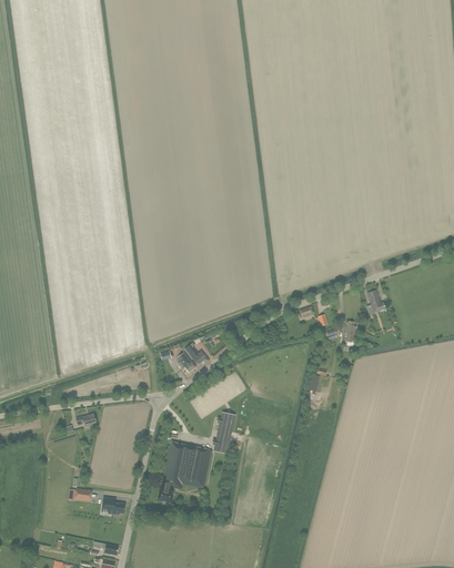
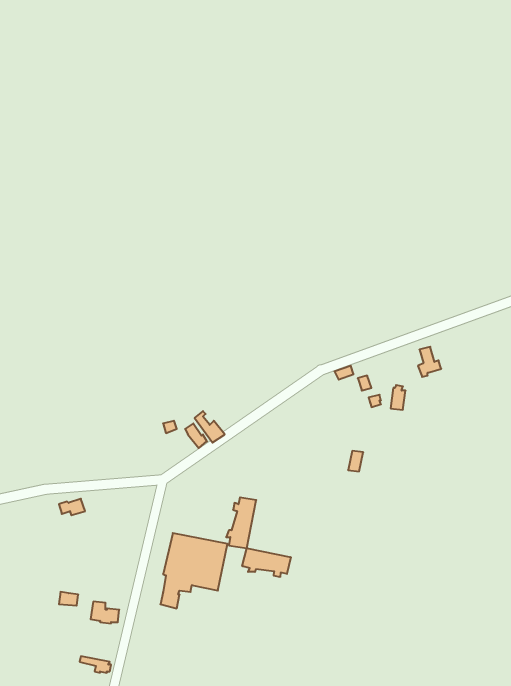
building: none -> [242,548,291,577]

